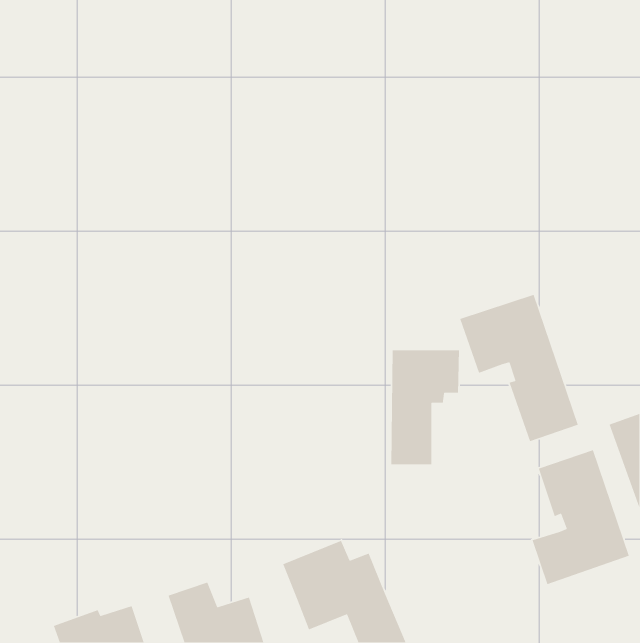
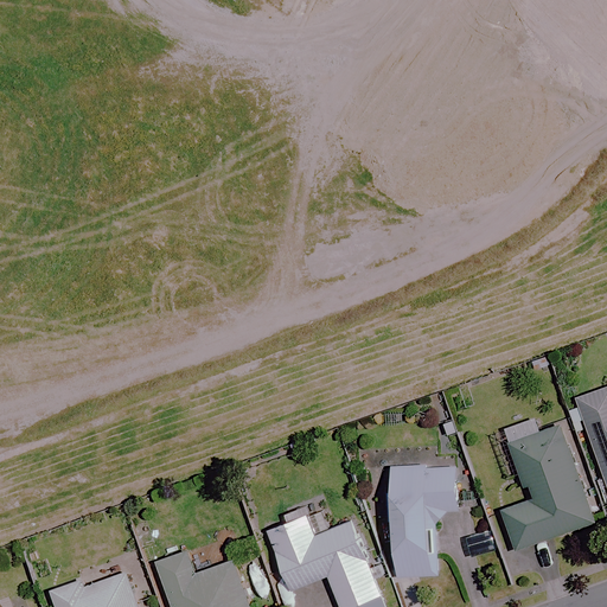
building: [459,294,579,442] -> none
building: [391,349,460,465] -> [391,467,456,576]

